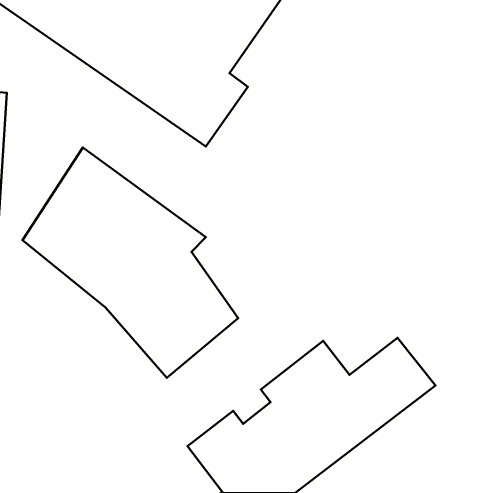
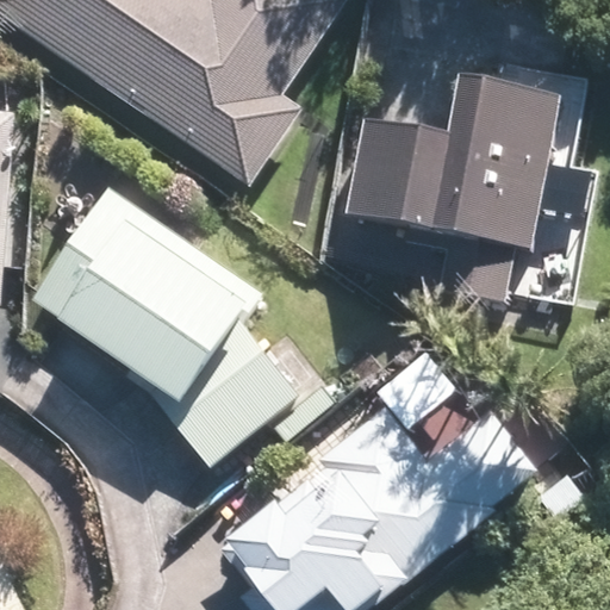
building: none -> [353,77,559,298]

